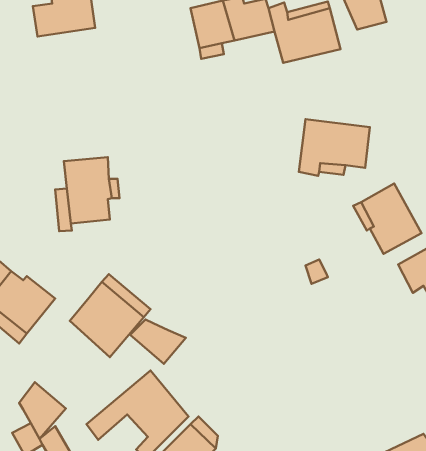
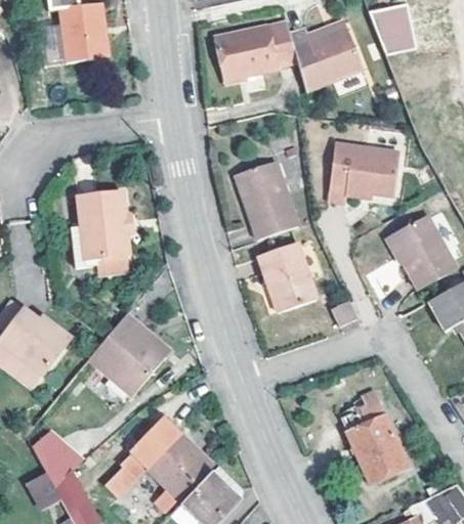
building: none -> [236,159,299,238]
building: none -> [258,239,315,308]
building: [130,319,186,364] -> none
building: none -> [341,387,411,482]

